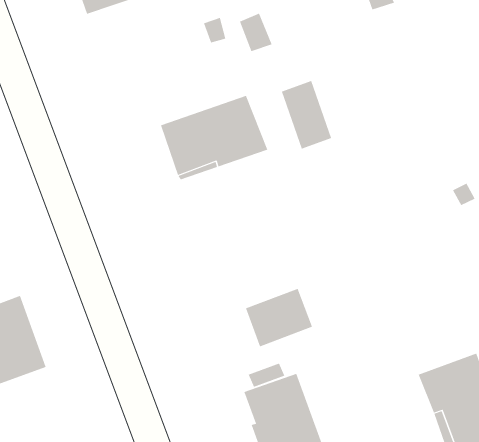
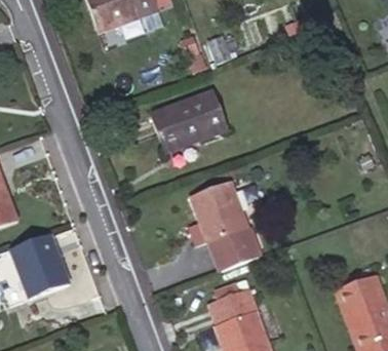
building: [281,80,332,149] -> none
building: none -> [189,181,248,244]

